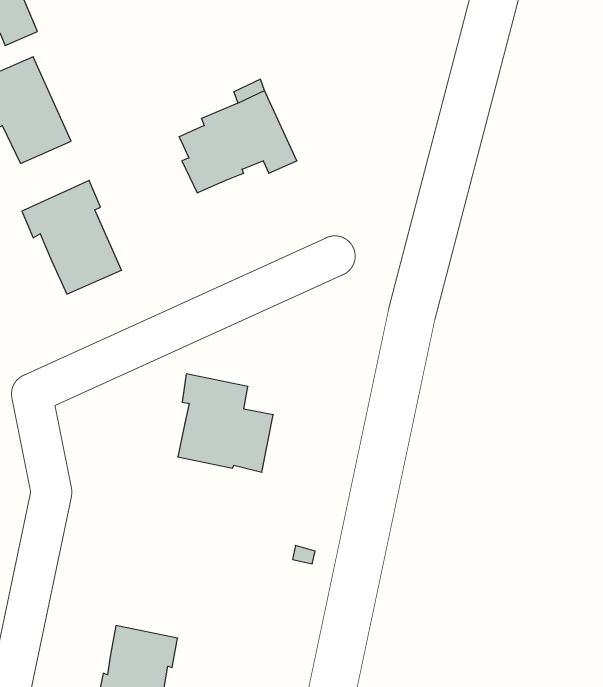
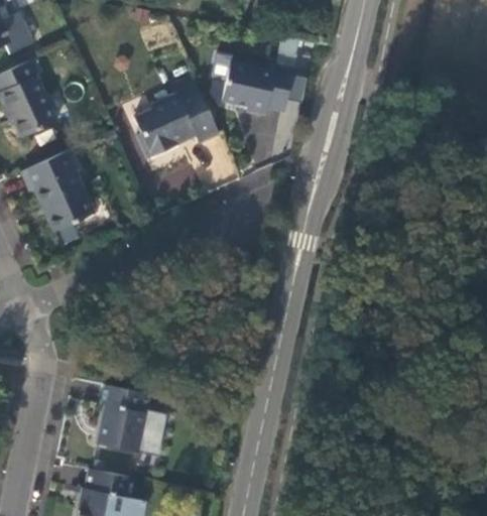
building: none -> [211,51,291,113]
building: [178,374,273,472] -> [97,384,165,455]

